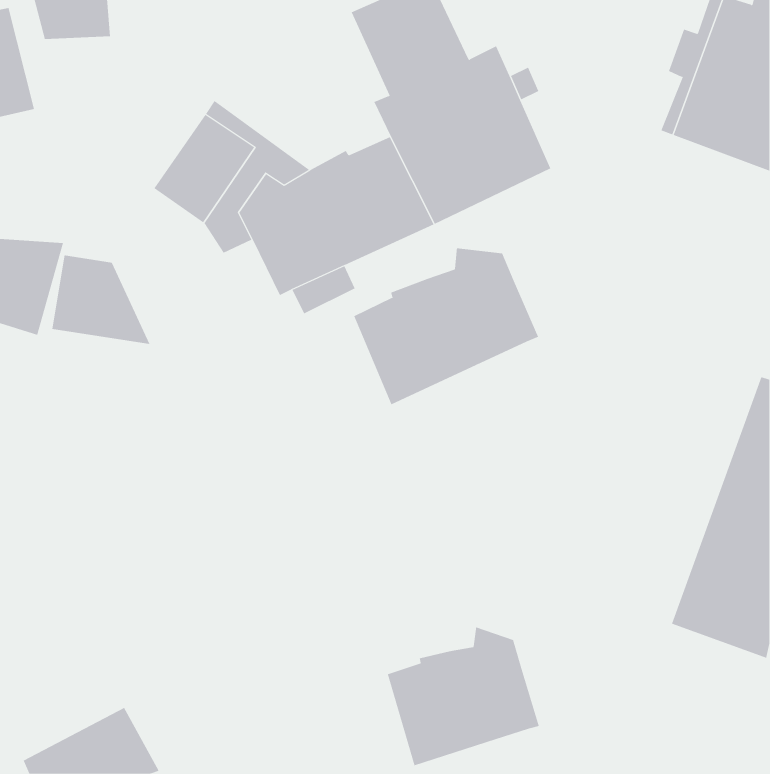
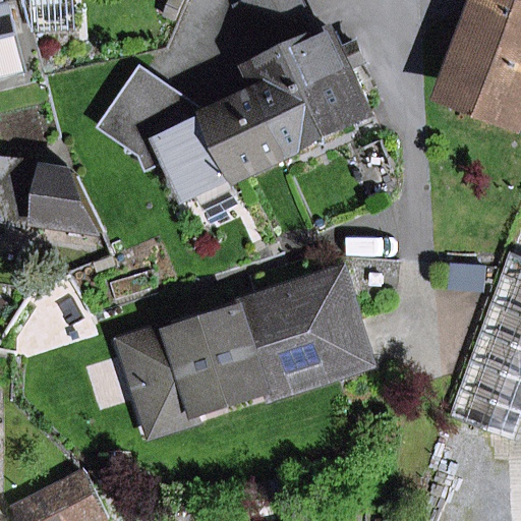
building: [353,248,539,405] -> none
building: none -> [128,279,365,427]
building: [387,626,539,766] -> none

